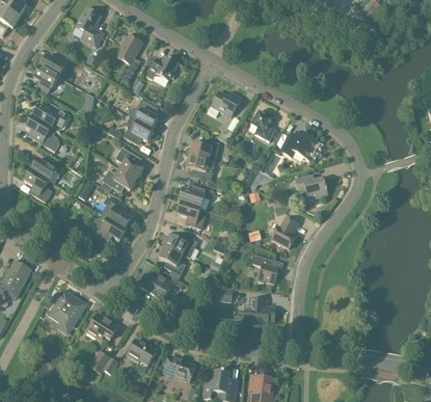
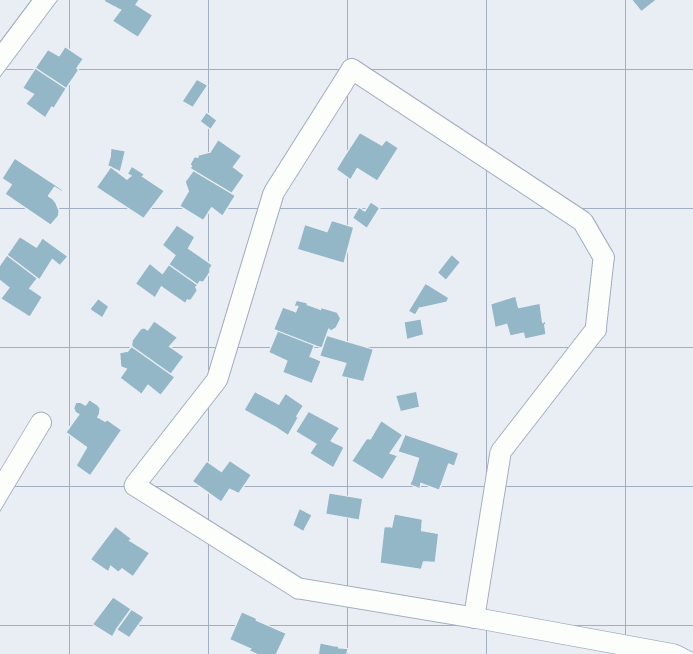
building: [116,34,142,63] -> none
building: [146,56,183,79] -> none
building: [32,103,70,131] -> [96,166,164,218]
building: [250,110,276,141] -> none
building: [281,131,320,160] -> none
building: [186,156,215,180] -> [320,335,373,381]
building: [271,216,298,248] -> [352,420,403,480]
building: [159,245,186,275] -> [296,411,344,468]
building: [50,291,83,332] -> [60,400,122,476]
building: [127,339,157,365] -> none

